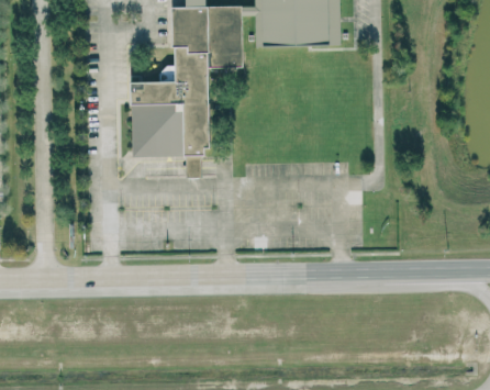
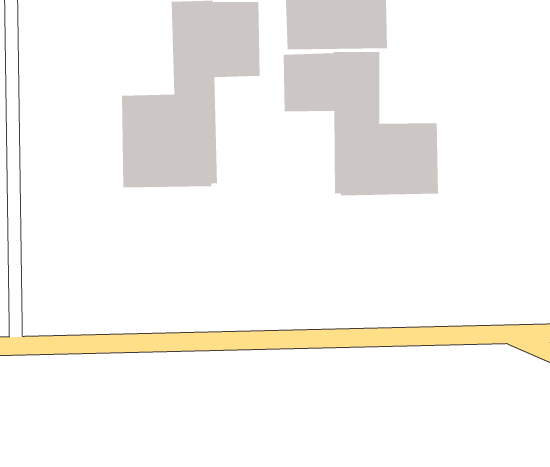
building: none -> [283,51,439,196]

